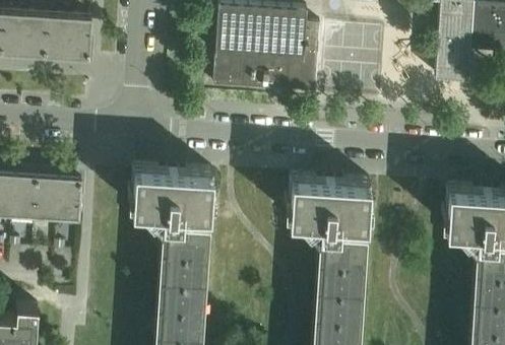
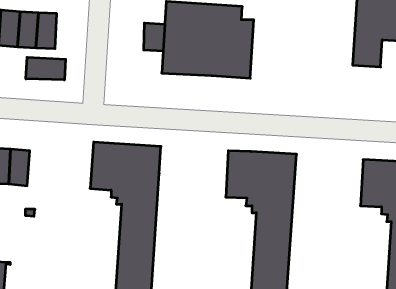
building: none -> [144,23,165,51]
building: none -> [26,57,66,80]
building: [57,176,81,217] -> none

